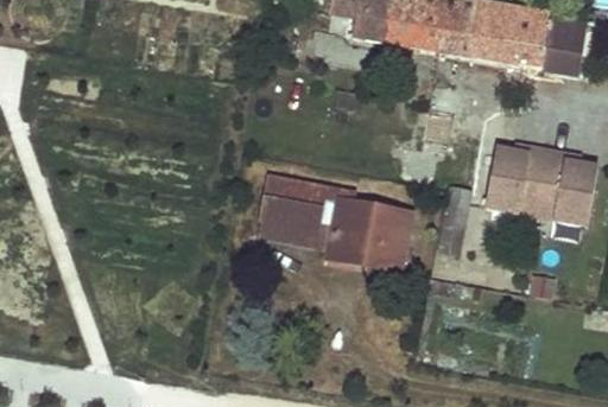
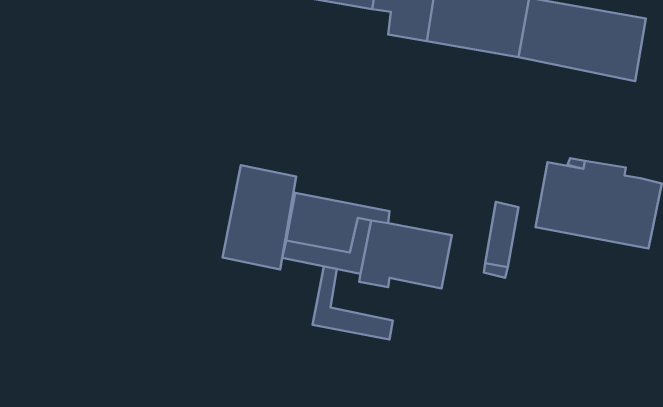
building: none -> [223,165,296,269]
building: none -> [313,266,393,340]

